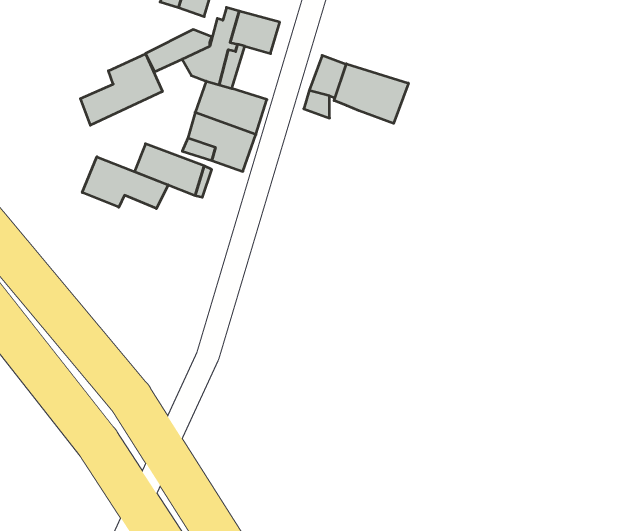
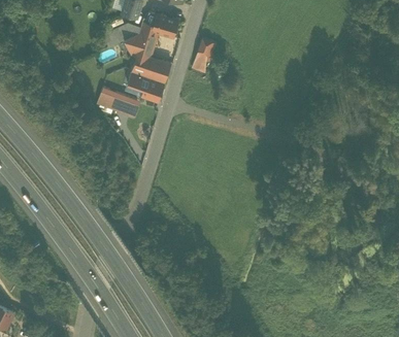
building: [80,54,162,125] -> none
building: [334,64,408,123] -> none
building: [82,157,168,209] -> none

